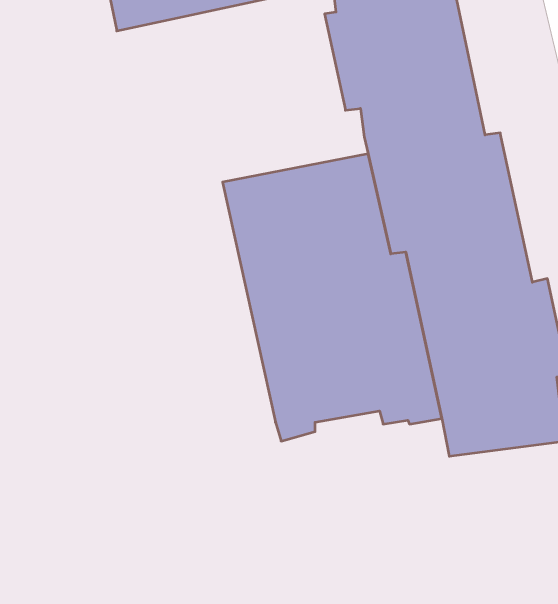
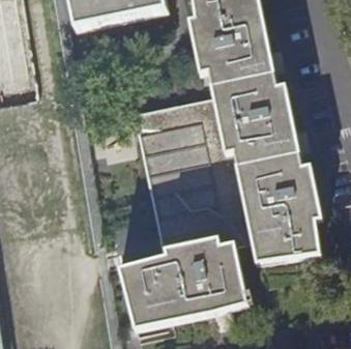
building: none -> [120,238,253,329]

